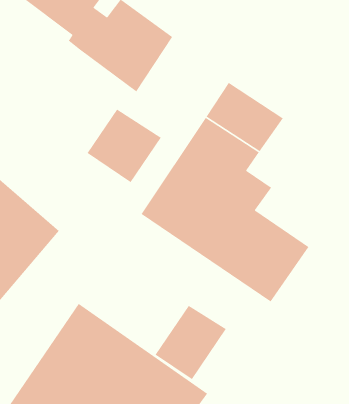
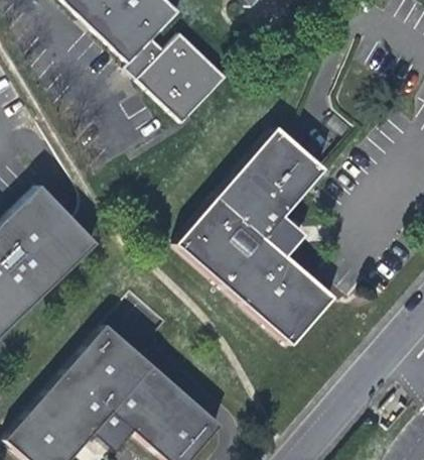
building: [86,109,162,183] -> none
building: [155,305,227,380] -> none

